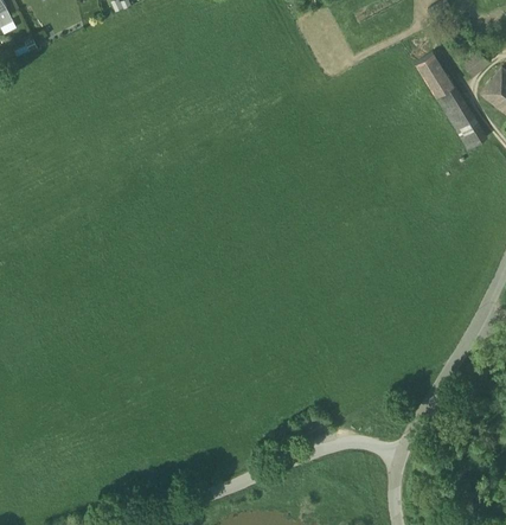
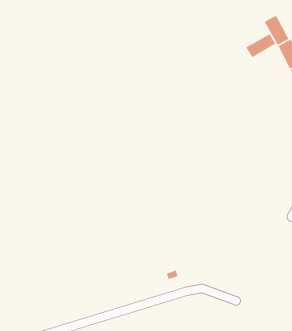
building: none -> [245,33,276,58]

